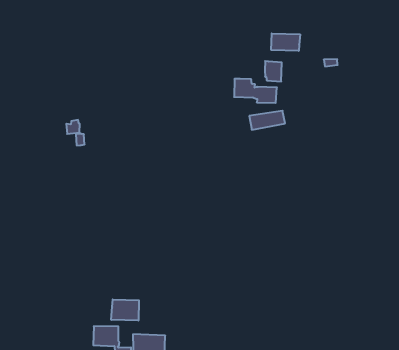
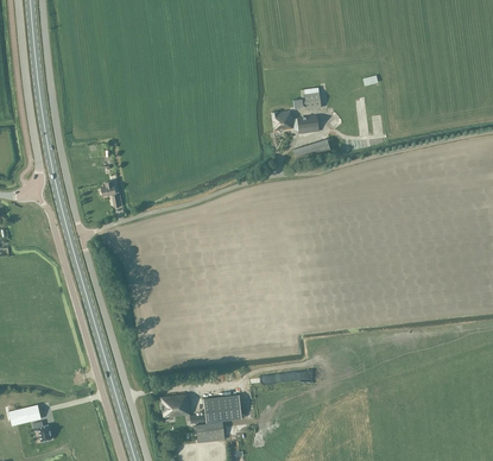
building: [271,33,300,51] -> none
building: [111,299,139,321] -> none

